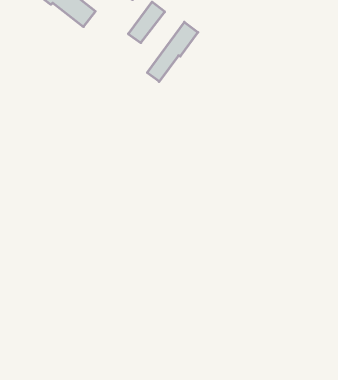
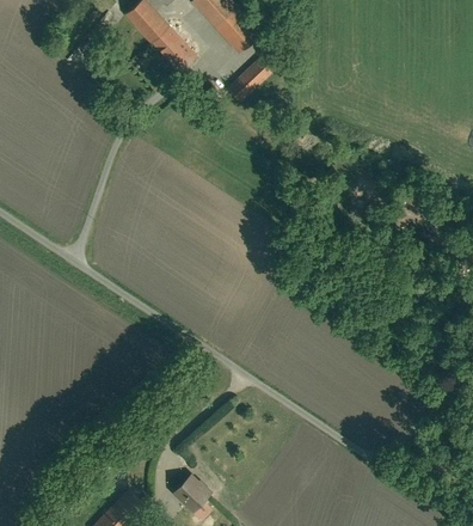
building: [147,22,198,82] -> none

